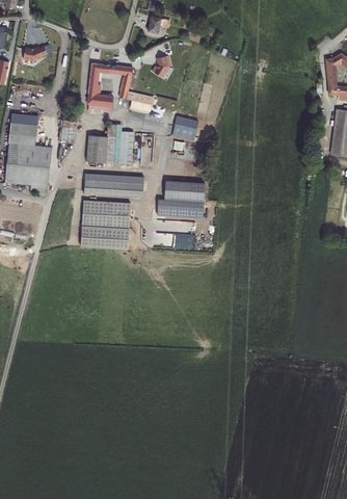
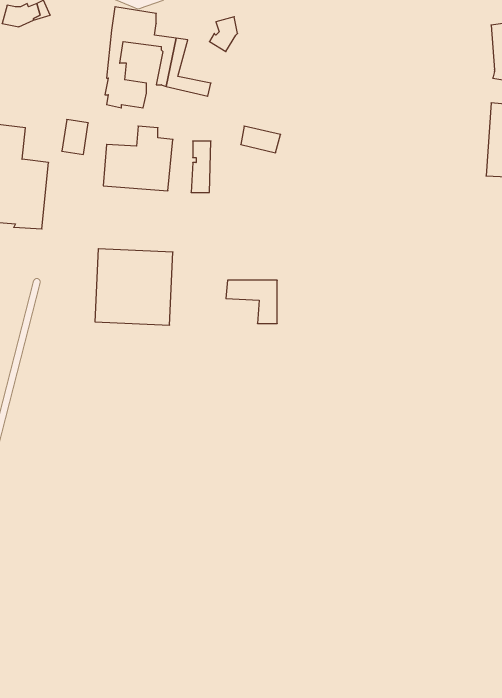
building: [83,173,143,195] -> none
building: [156,180,204,217] -> none

